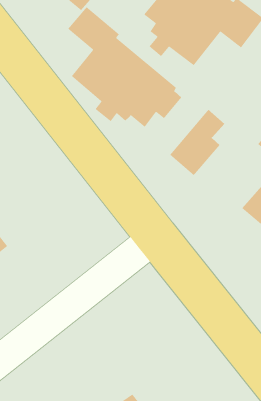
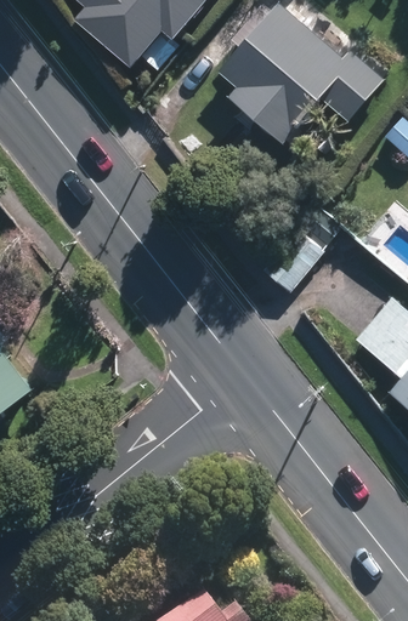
building: [67,6,182,128] -> none

